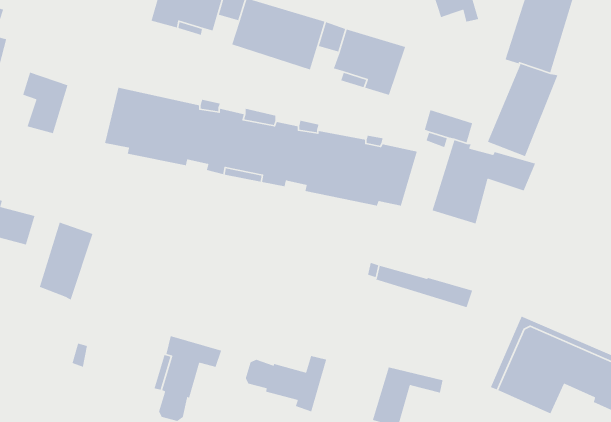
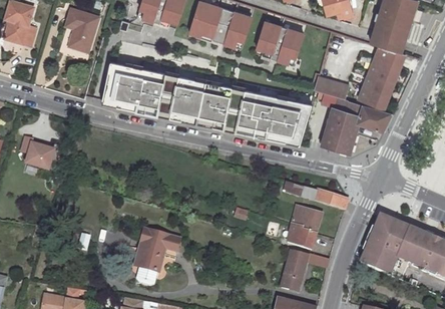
building: [22,71,68,134] -> [67,10,98,52]
building: [38,222,93,301] -> none
building: none -> [288,205,323,249]
building: [245,355,327,413] -> none

